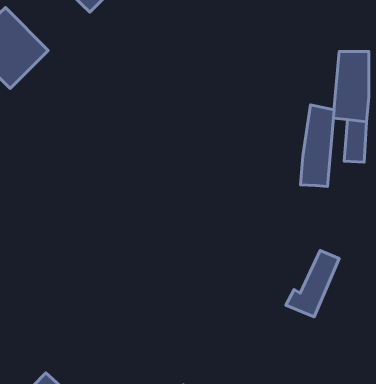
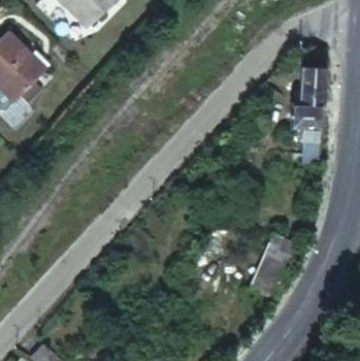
building: [301,105,334,187] -> none

